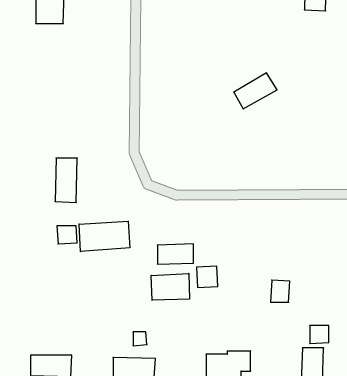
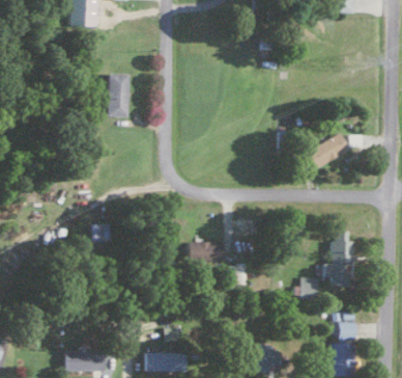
building: [234,73,277,109] -> [309,133,351,168]
building: [55,158,77,203] -> [108,74,130,117]
building: [79,221,130,252] -> none
building: none -> [324,232,353,287]
building: [151,273,189,300] -> none

